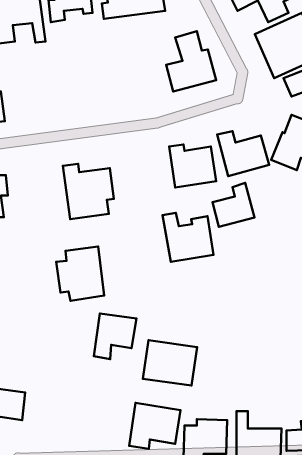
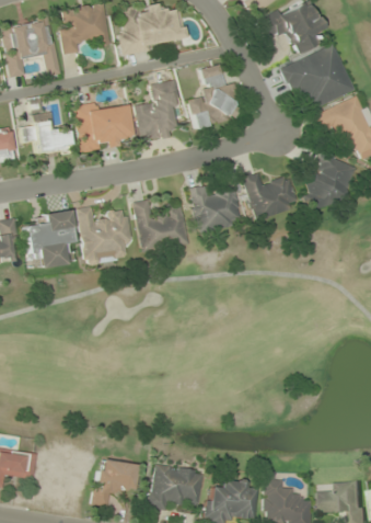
building: none -> [134,81,178,140]
building: none -> [73,103,131,152]
building: none -> [19,120,71,156]
building: [213,183,254,227] -> none
building: [163,213,214,262] -> [134,201,188,253]
building: [56,247,104,301] -> [23,211,74,269]
building: [94,313,137,359] -> [92,457,138,507]
building: [143,340,197,386] -> none

